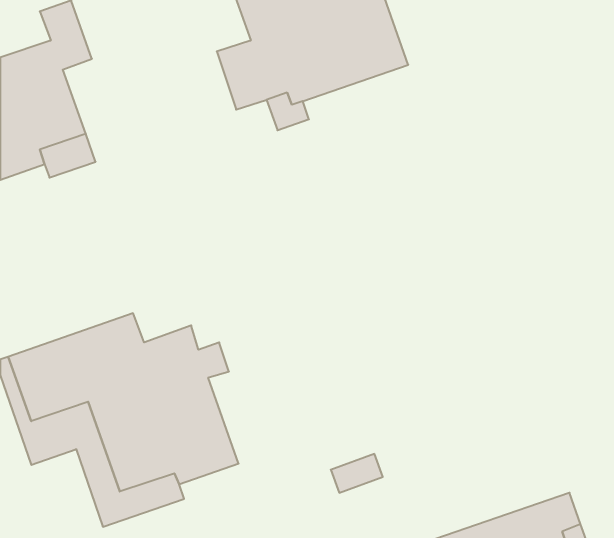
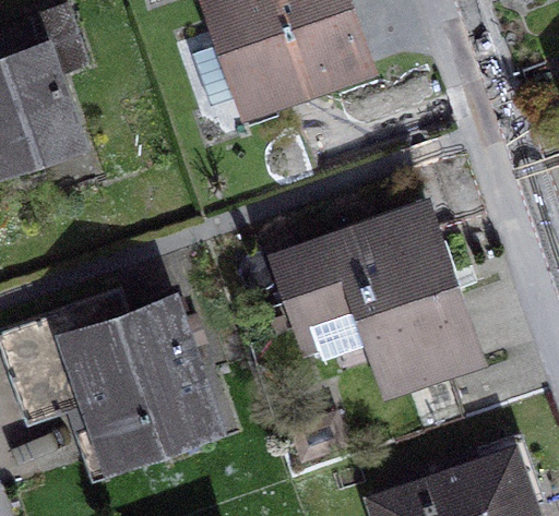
building: none -> [289,215,471,379]

